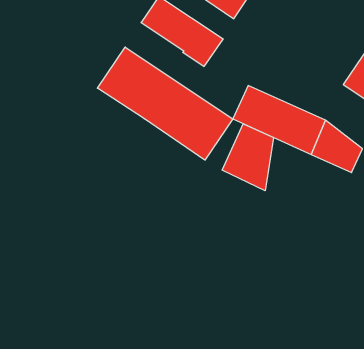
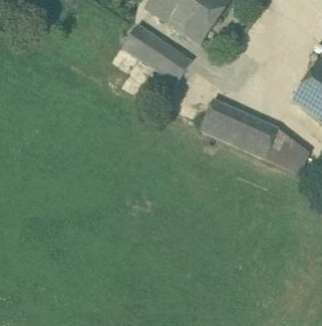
building: [97,47,233,160] -> none
building: [222,124,274,191] -> none

